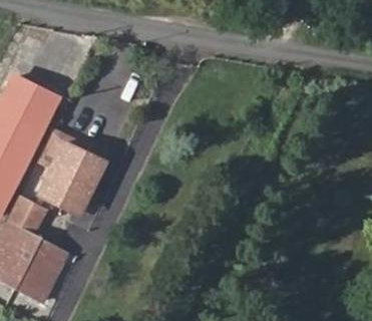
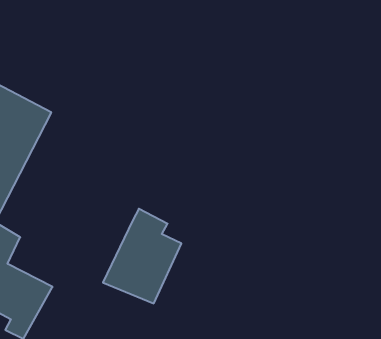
building: [34,128,102,211] -> [103,209,181,303]

